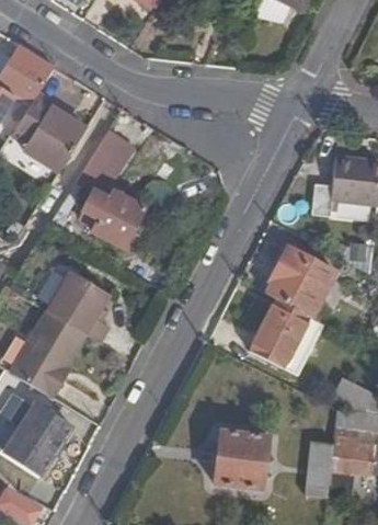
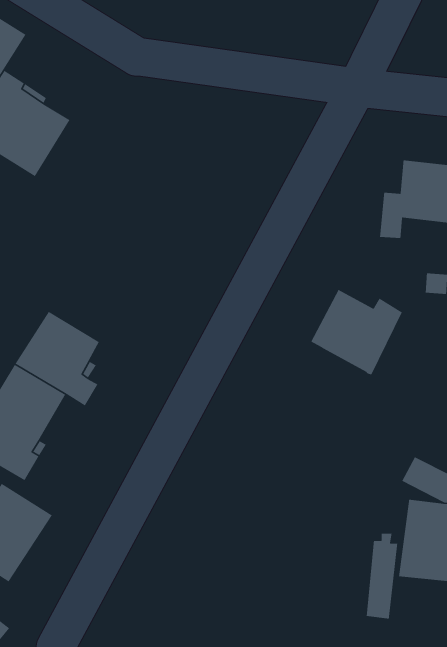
building: [76,127,141,246] -> none
building: [248,298,308,365] -> none
building: [215,431,267,490] -> none

